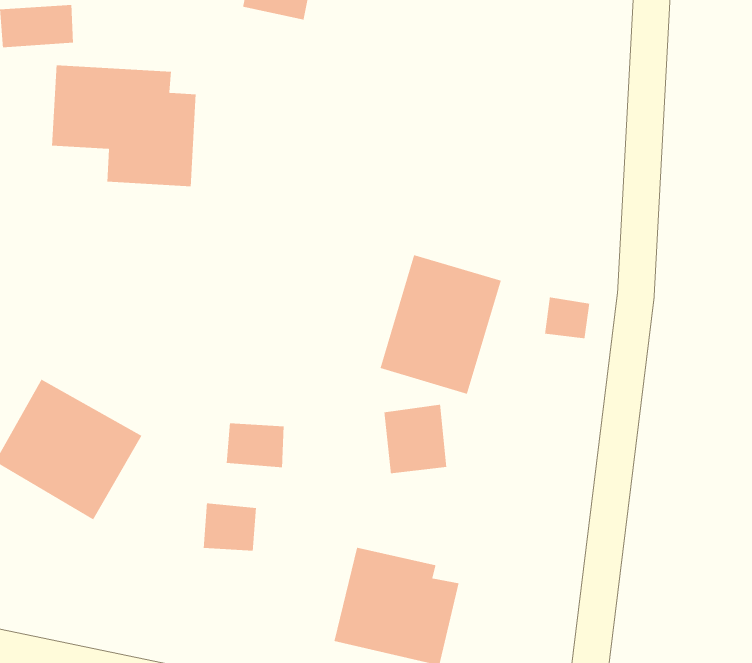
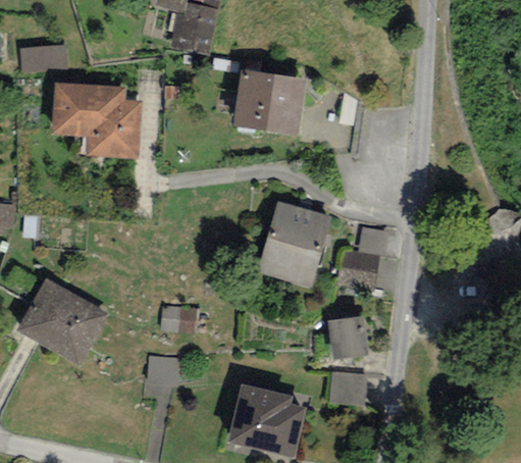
building: none -> [232,69,306,136]
building: none -> [338,250,379,290]
building: [384,404,447,474] -> [327,315,367,359]
building: none -> [327,371,368,407]

